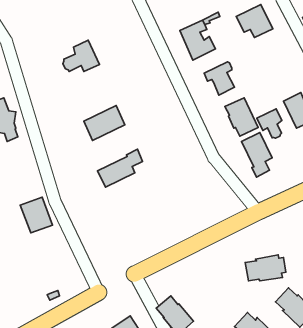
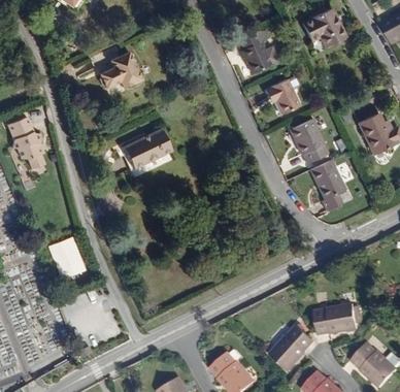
building: [257,109,282,138] -> none
building: [97,149,142,187] -> none
building: none -> [267,326,311,371]

